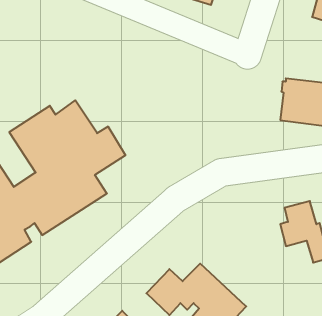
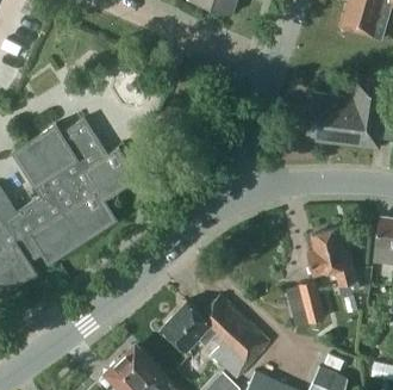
building: none -> [285,280,325,326]

